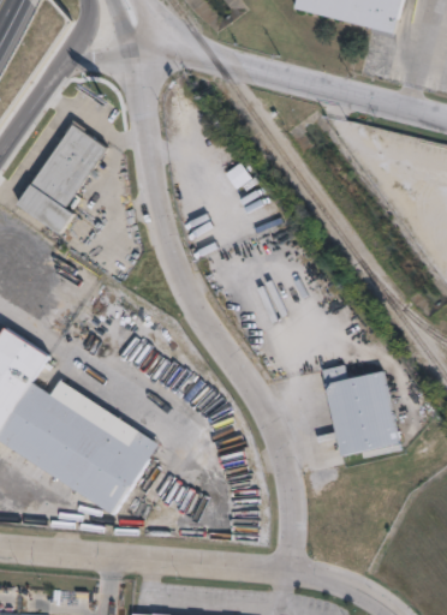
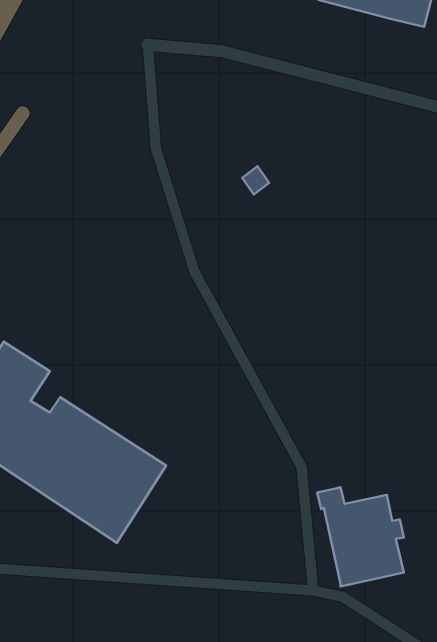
building: [16,124,106,234] -> none
building: [318,365,399,458] -> [317,487,404,587]

